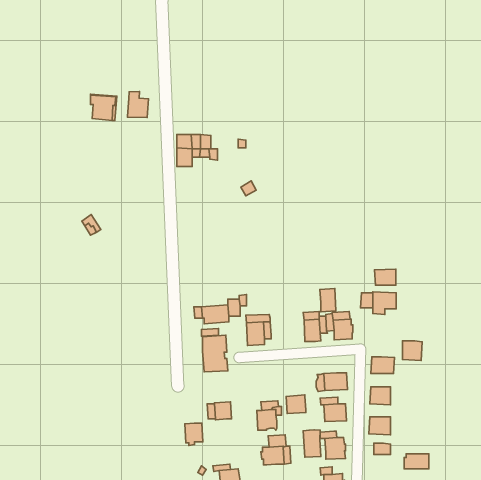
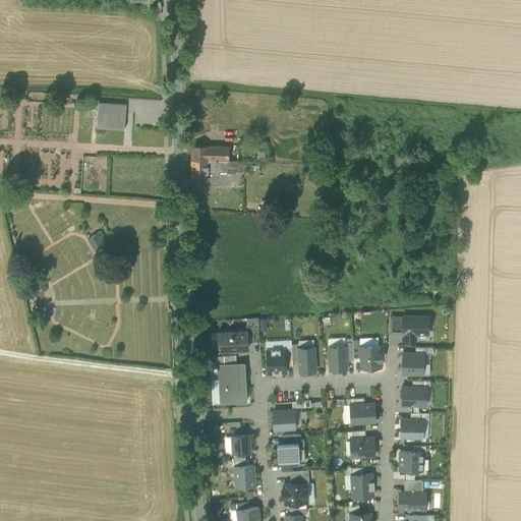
building: [127,92,148,118] -> none
building: [375,269,396,285] -> none
building: [320,288,336,312] -> [298,347,315,372]
building: [402,341,422,360] -> [402,353,423,374]
building: [286,395,306,414] -> [274,410,295,430]
building: [185,423,203,446] -> [235,466,254,490]
building: [303,430,321,457] -> none
building: [404,454,429,469] -> [399,493,425,509]

